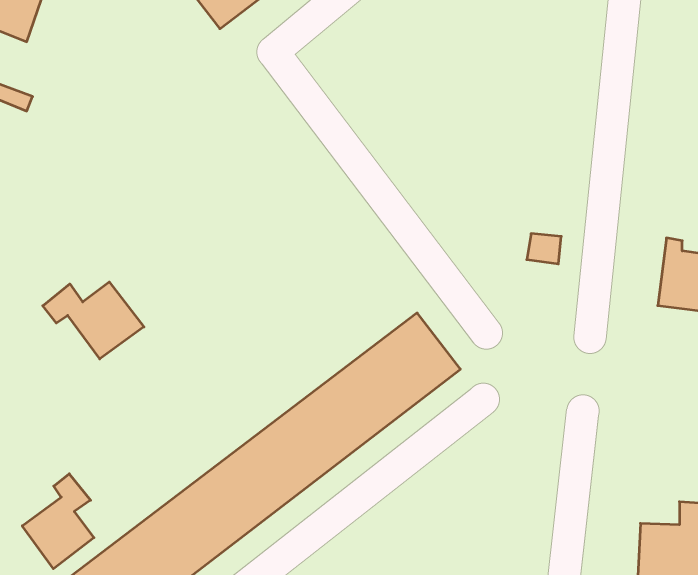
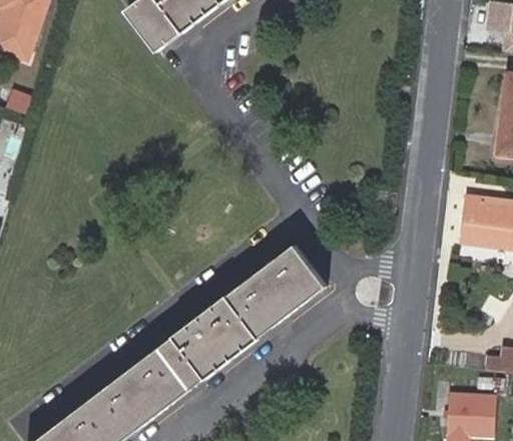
building: [43,282,144,359] -> none
building: [22,474,94,569] -> none

